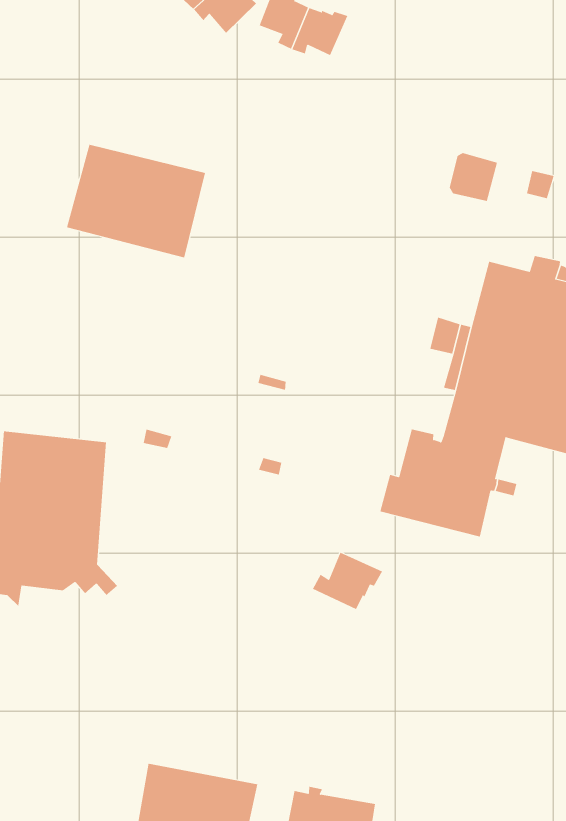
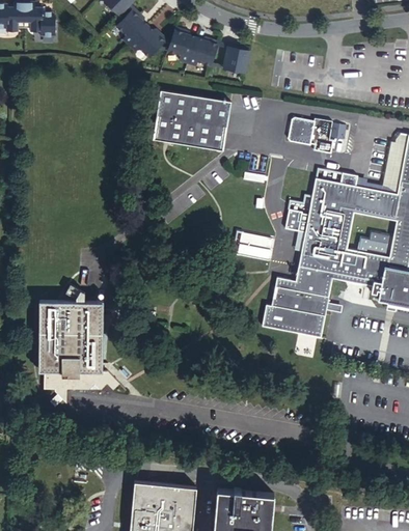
building: none -> [225,46,252,75]
building: [66,144,206,258] -> [152,89,229,150]
building: [312,552,383,610] -> none

